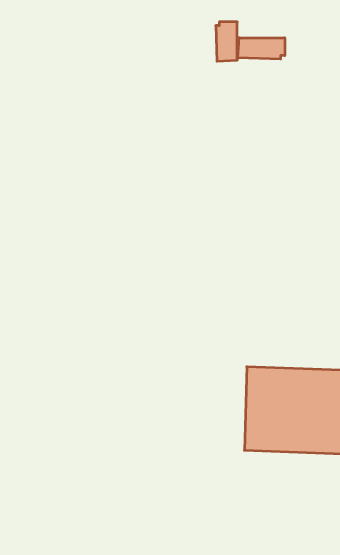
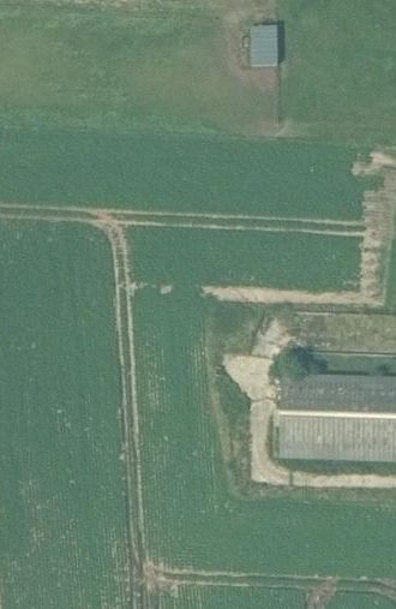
building: [238,38,285,59] -> none

